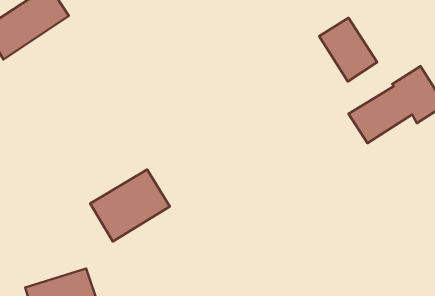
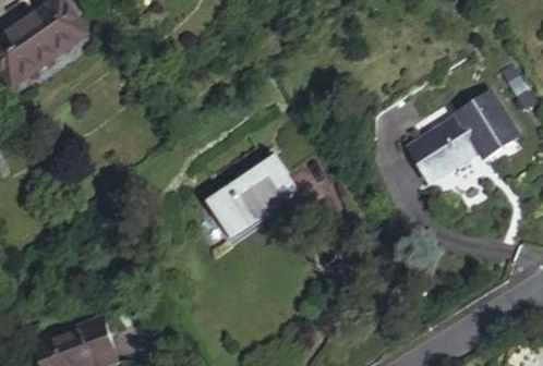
building: [319,18,377,82] -> none
building: [90,169,170,241] -> [209,156,301,239]

